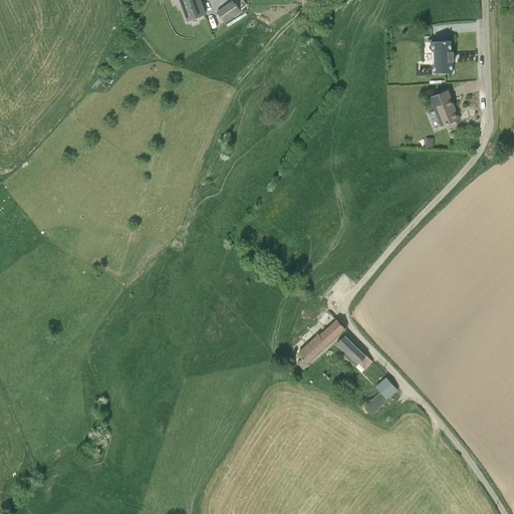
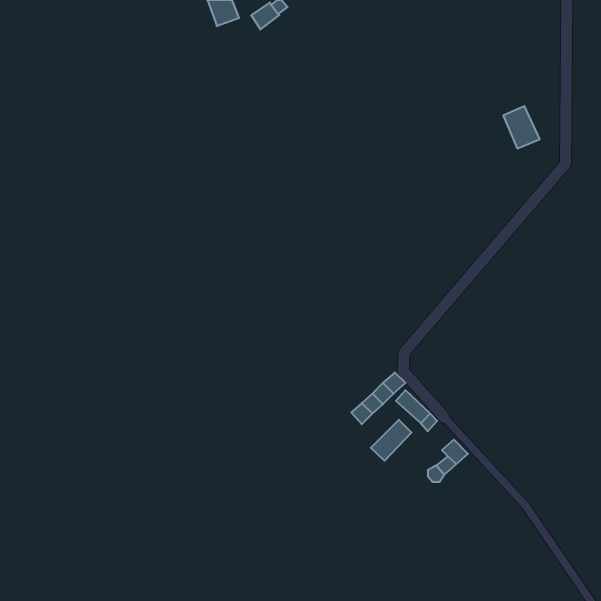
building: [431,41,452,75] -> none
building: none -> [371,420,412,461]

